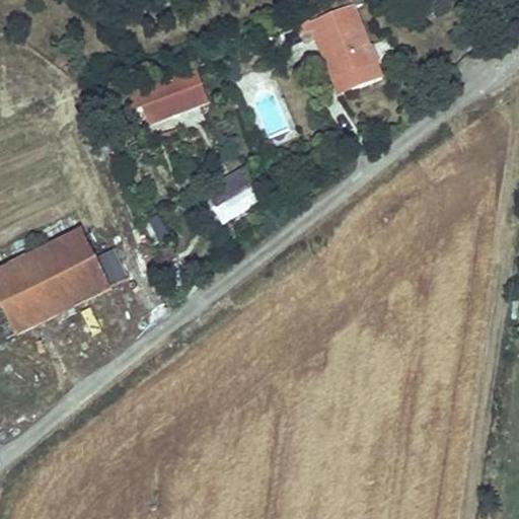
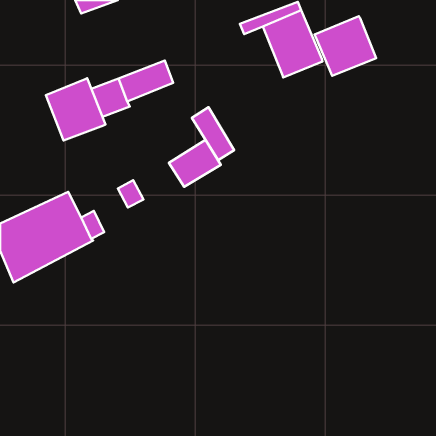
building: none -> [315,16,376,76]
building: none -> [46,78,105,141]
building: none -> [192,107,234,160]

